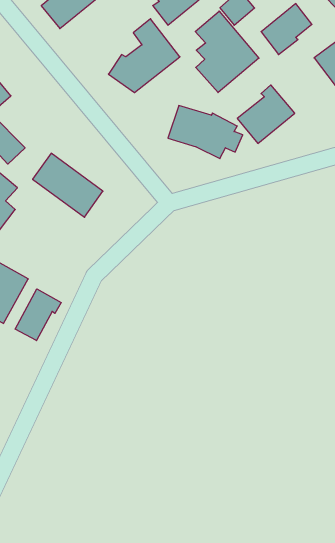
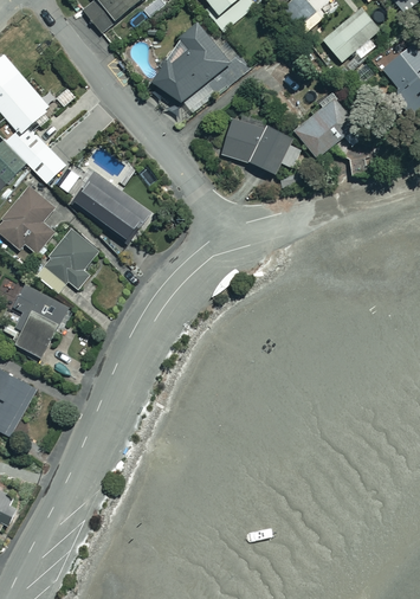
building: [195,11,259,93] -> none
building: none -> [43,226,96,286]
building: [15,289,61,341] -> none

